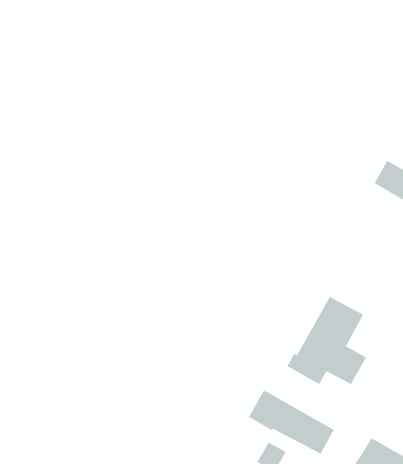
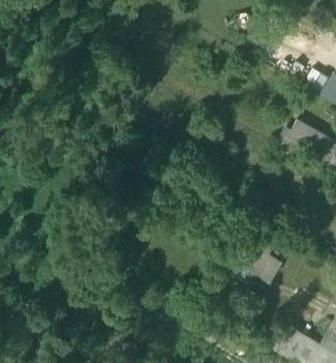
building: [248,389,335,454] -> none

